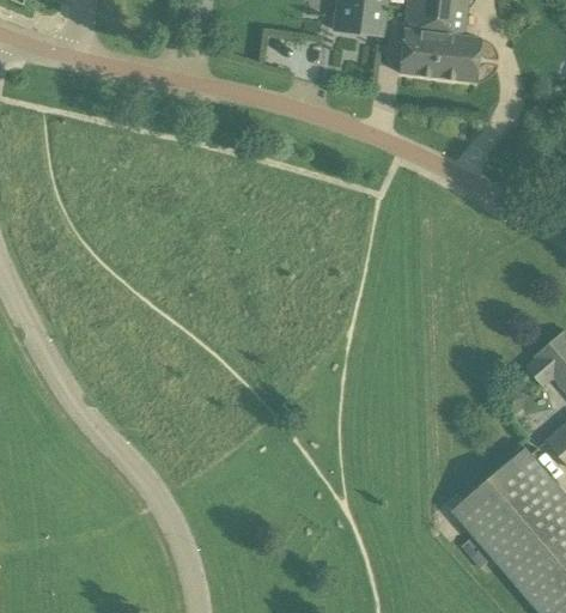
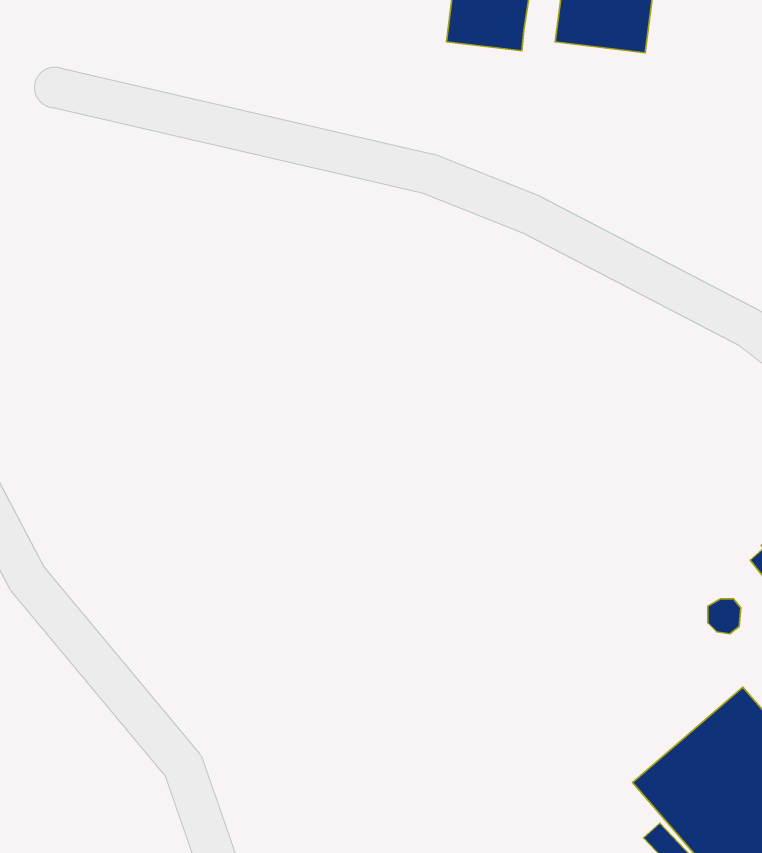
building: [398,29,480,81] -> none

